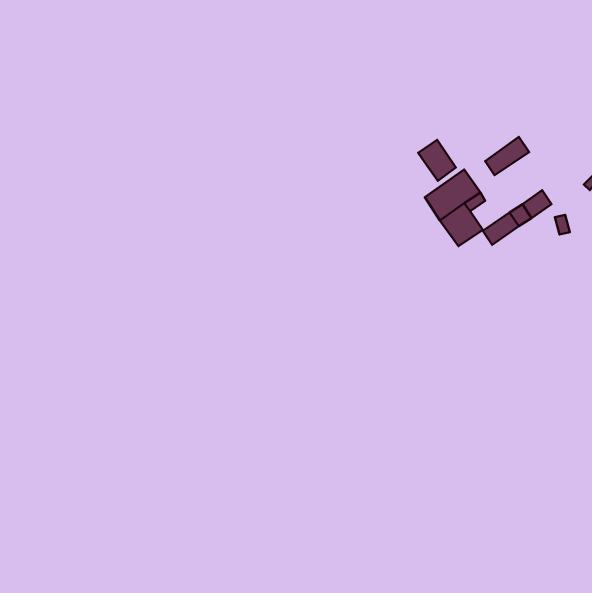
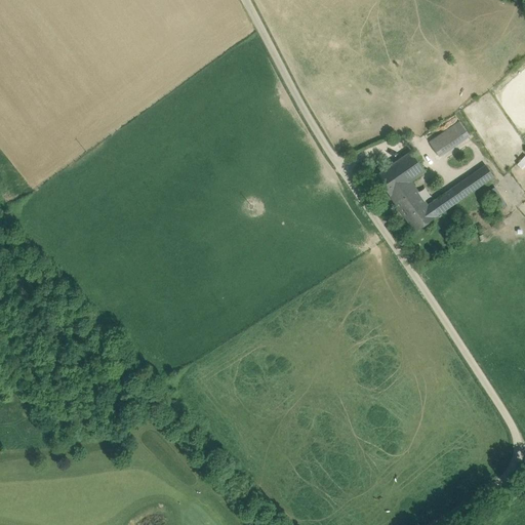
building: [418,140,456,181] -> none
building: none -> [406,203,436,231]

